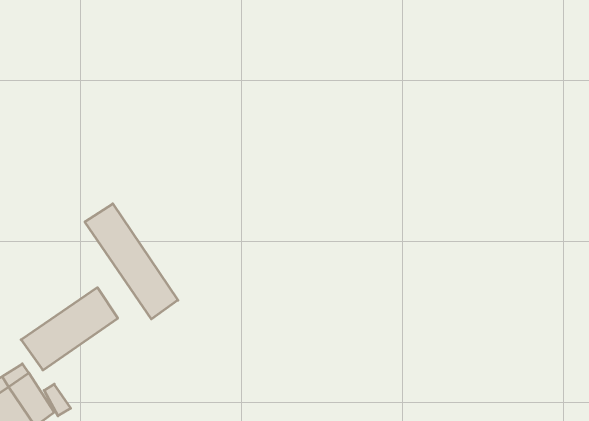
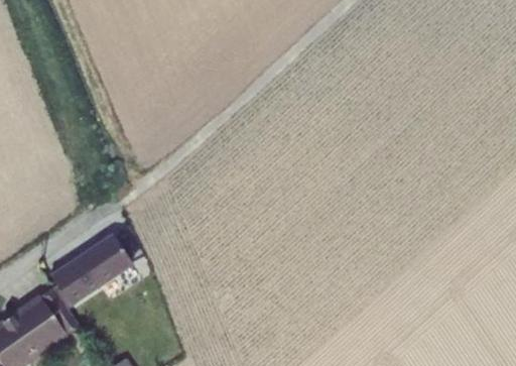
building: [85,204,178,319] -> none

